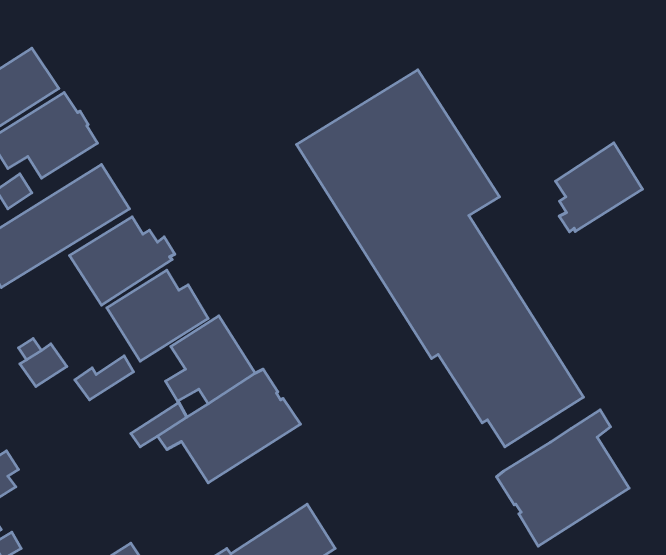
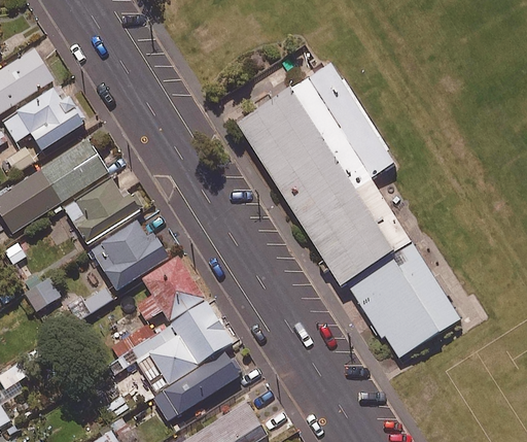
building: [555,143,642,232] -> none
building: [497,410,629,546] -> none
building: none -> [153,352,241,420]

